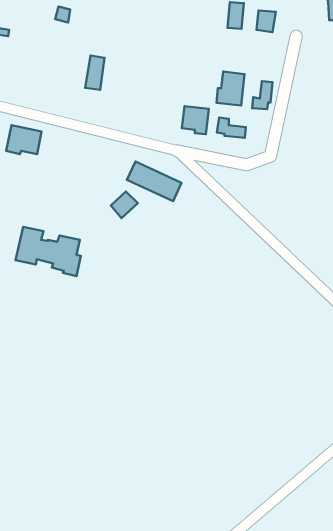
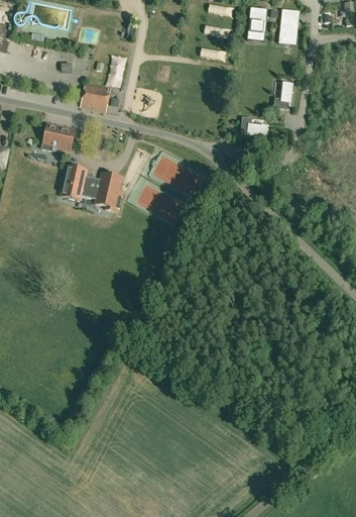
building: [217,71,244,106] -> none
building: none -> [80,83,110,110]
building: [182,106,209,134] -> none
building: [16,227,81,276] -> [61,164,122,210]

